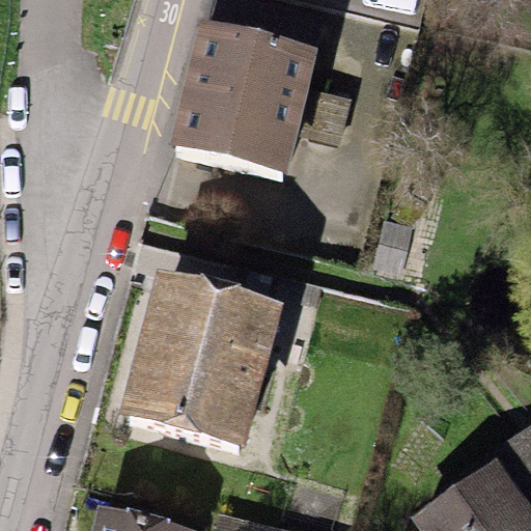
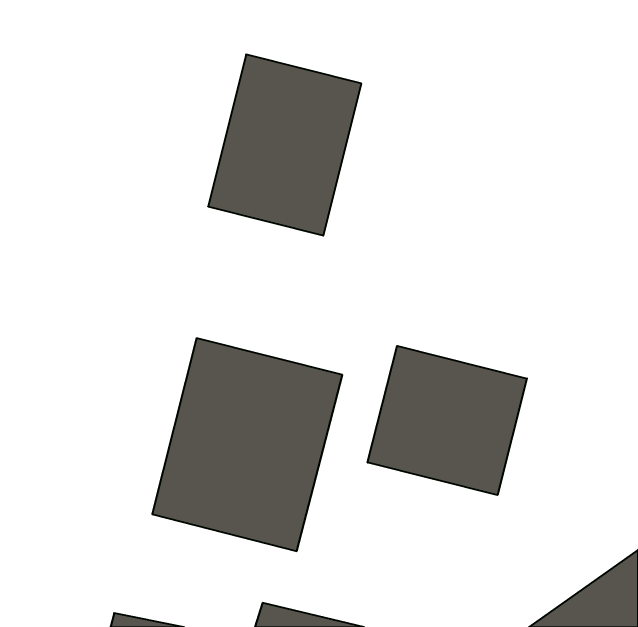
building: none -> [368,346,527,495]

